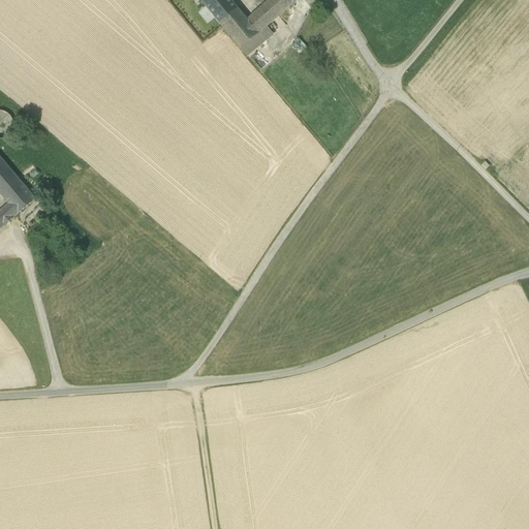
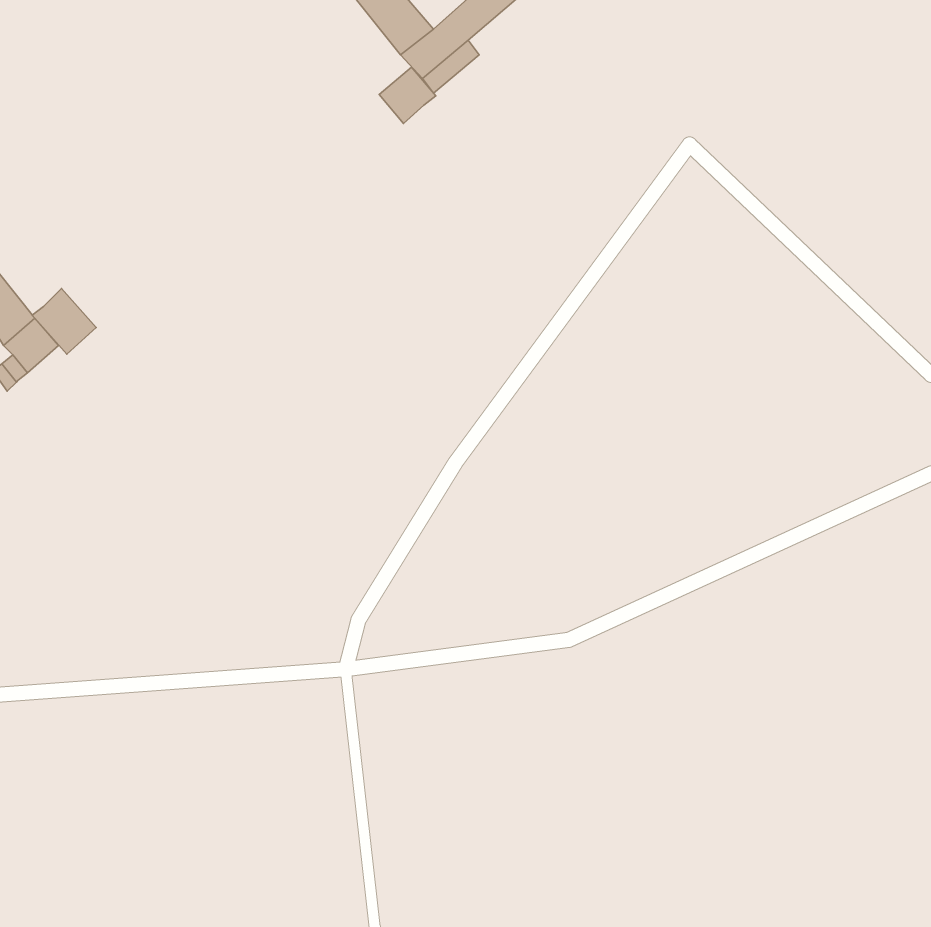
building: none -> [379,67,436,123]
building: none -> [32,289,96,354]

